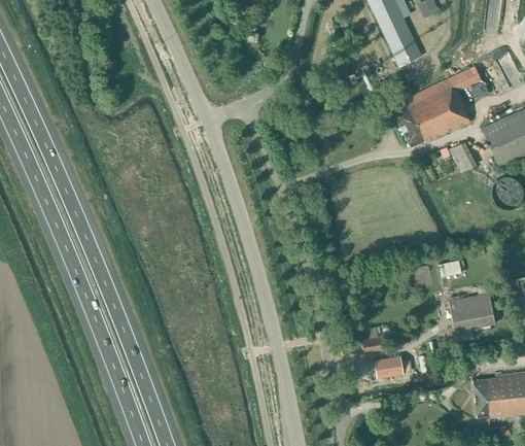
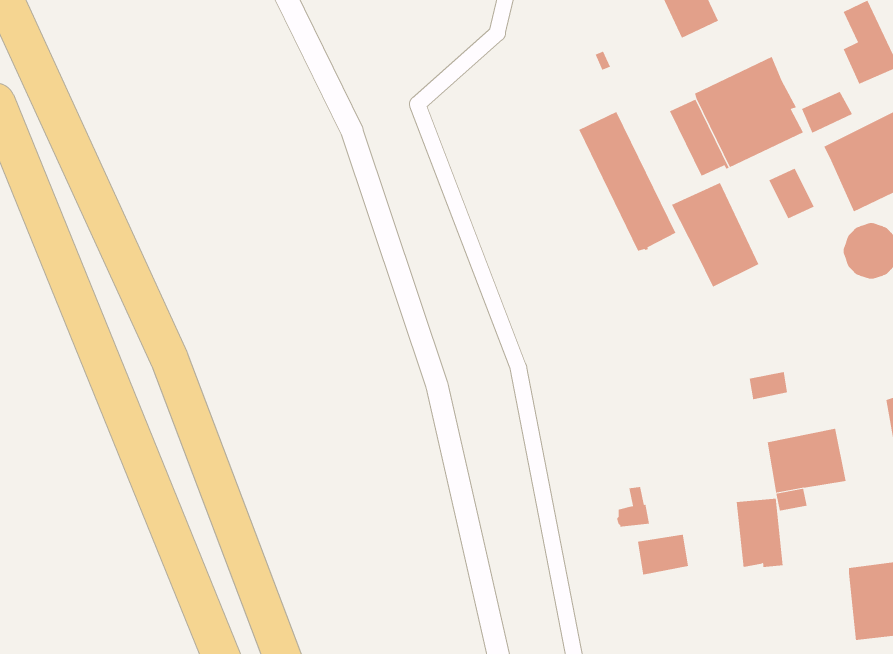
building: [453,66,483,91] -> [801,91,853,134]
building: none -> [578,111,676,252]
building: none -> [671,182,759,288]
building: [474,377,501,417] -> [736,498,784,567]

